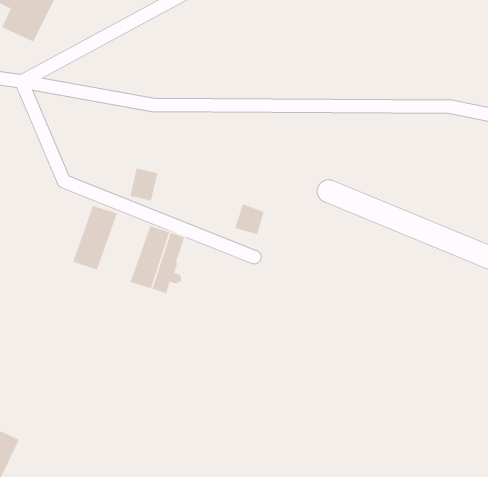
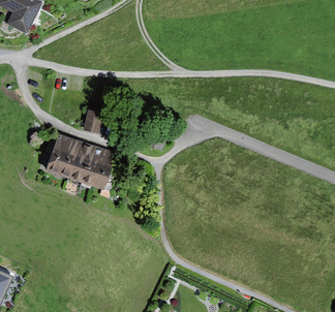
building: none -> [63,138,95,181]

